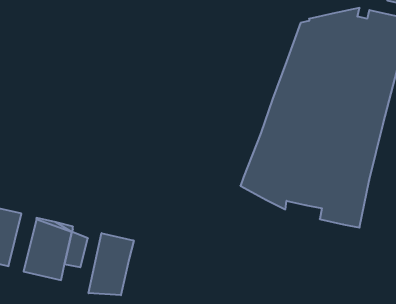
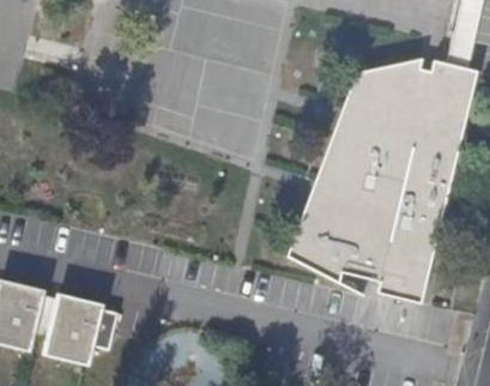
building: [89,233,134,295] -> none

